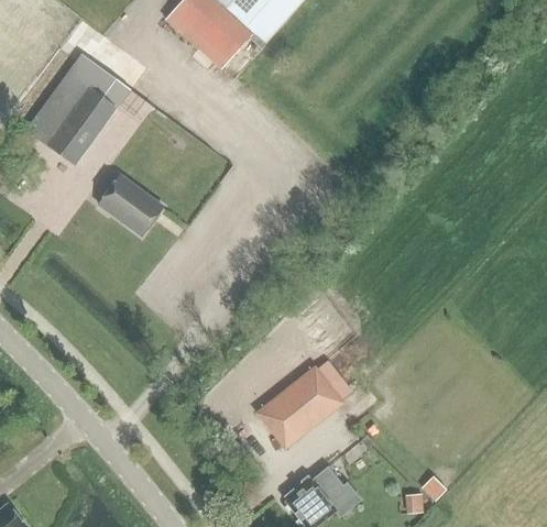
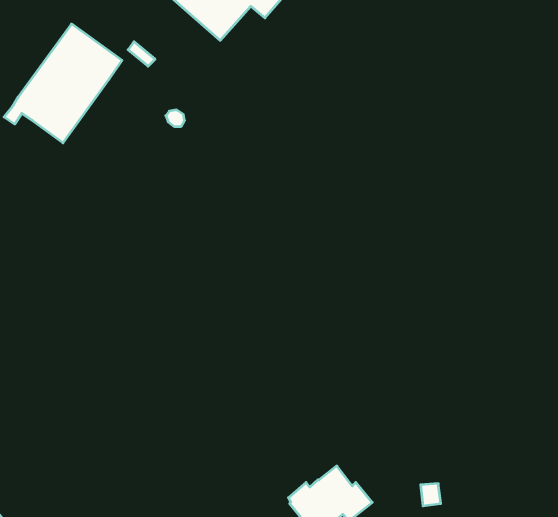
building: [98,174,162,233] -> none
building: [259,367,340,444] -> none

